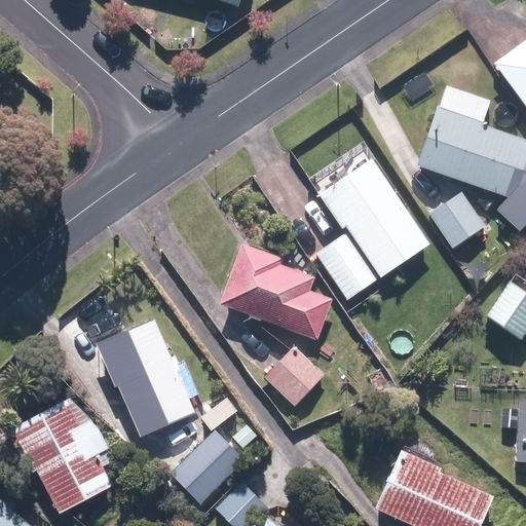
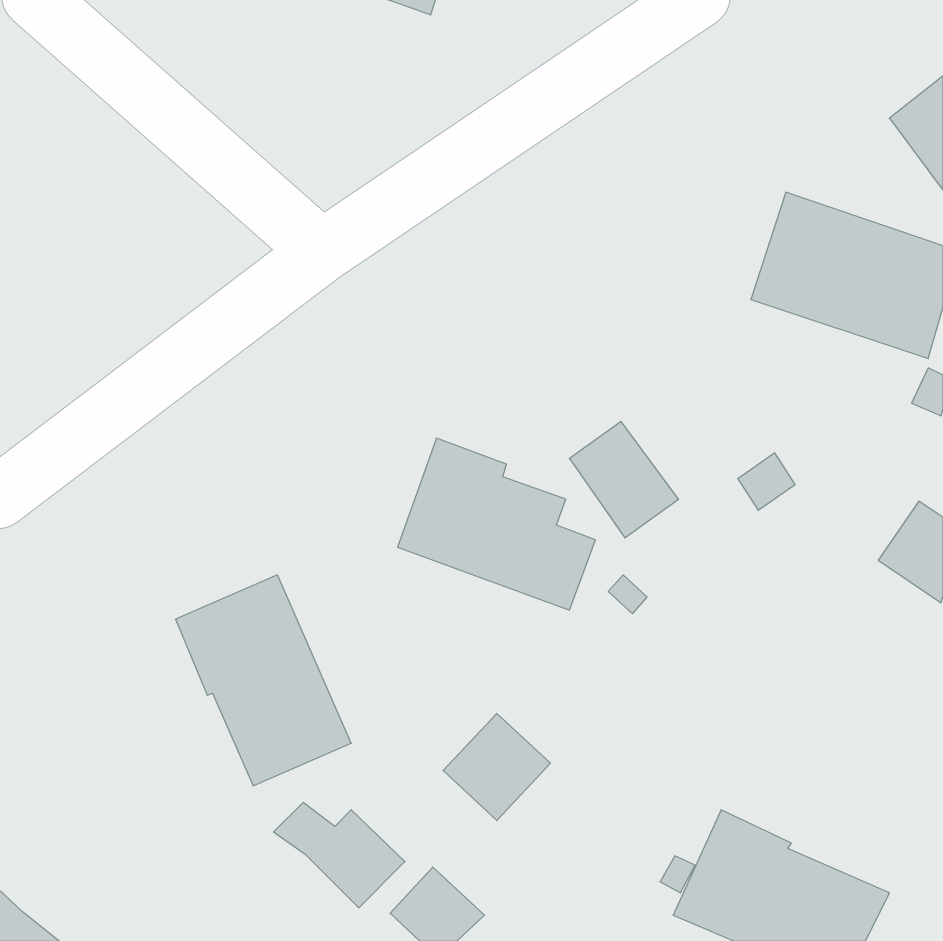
building: [318,158,431,278] -> none
building: [429,192,486,248] -> none
building: [266,345,326,405] -> [443,713,550,821]
building: [18,397,112,505] -> none

